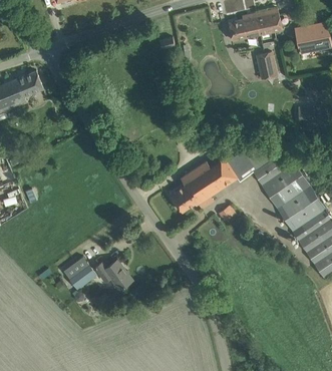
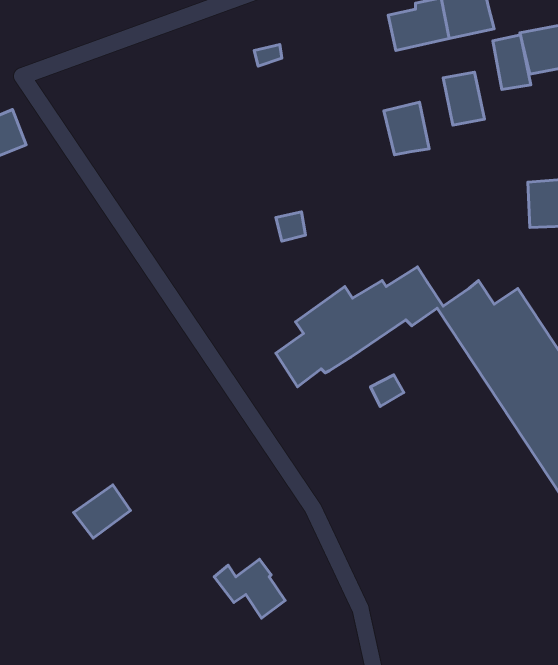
building: none -> [493,35,531,89]
building: none -> [384,102,429,155]
building: [93,259,129,289] -> [214,559,285,618]

